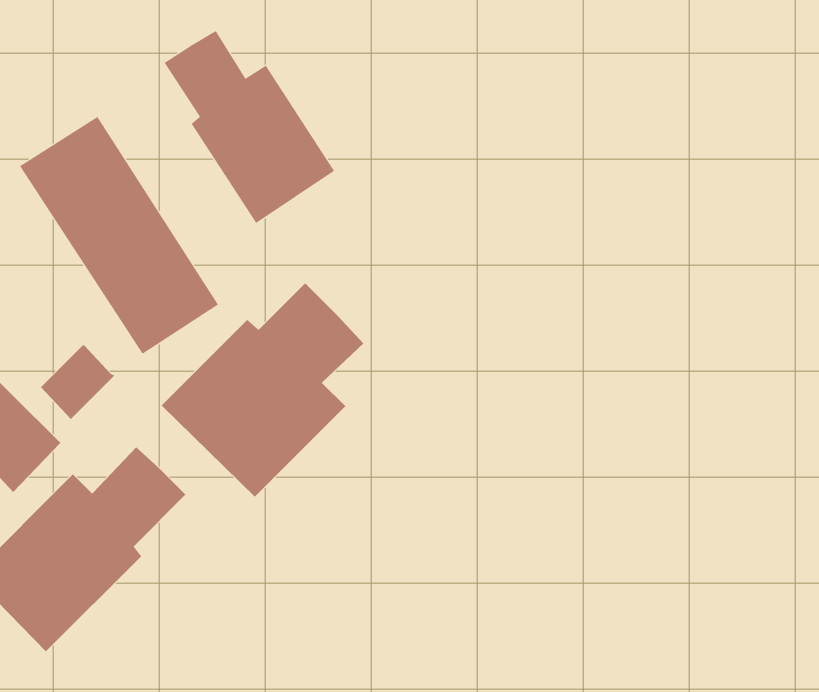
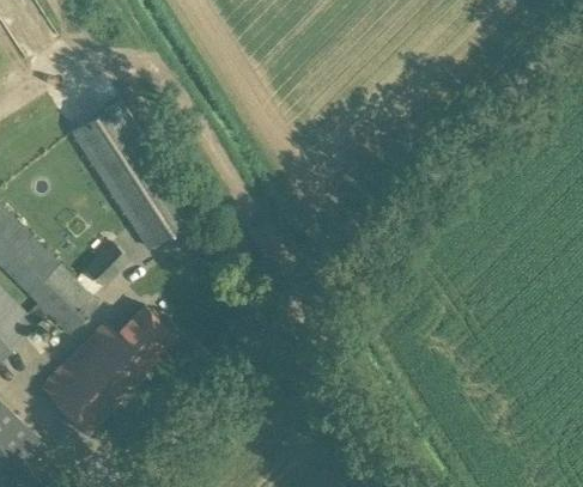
building: [164,30,335,224] -> none
building: [161,283,364,497] -> none

